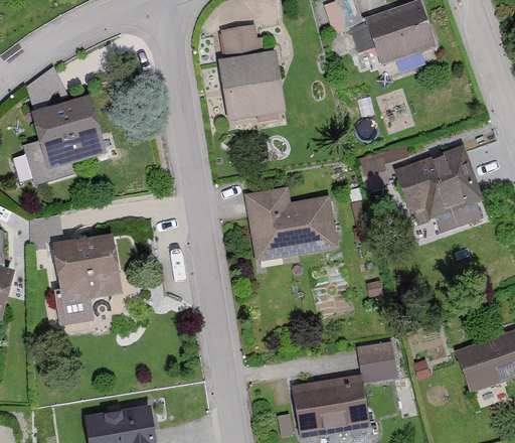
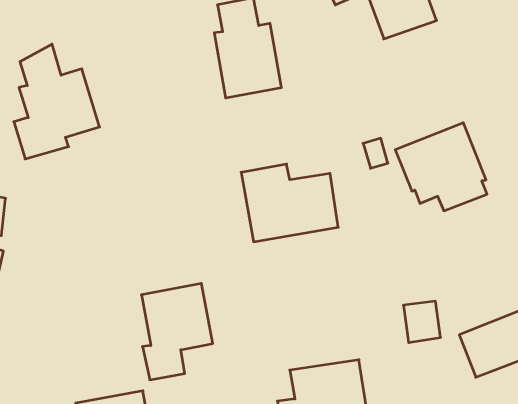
building: [52,234,122,327] -> [141,283,213,380]
building: [360,342,396,383] -> [403,301,441,343]

